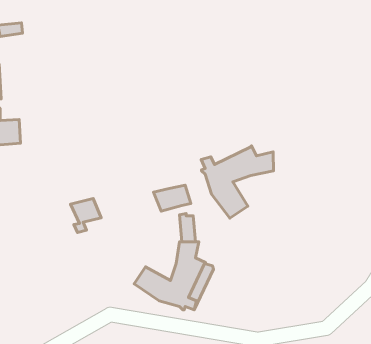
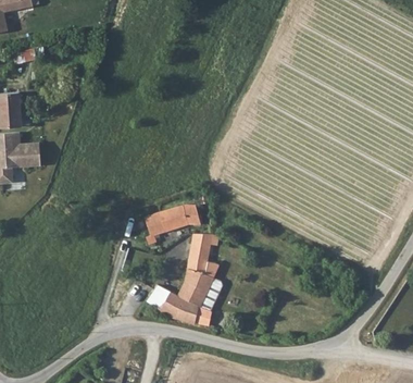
building: [201,146,274,218] -> none
building: [71,198,101,233] -> [143,211,173,244]

